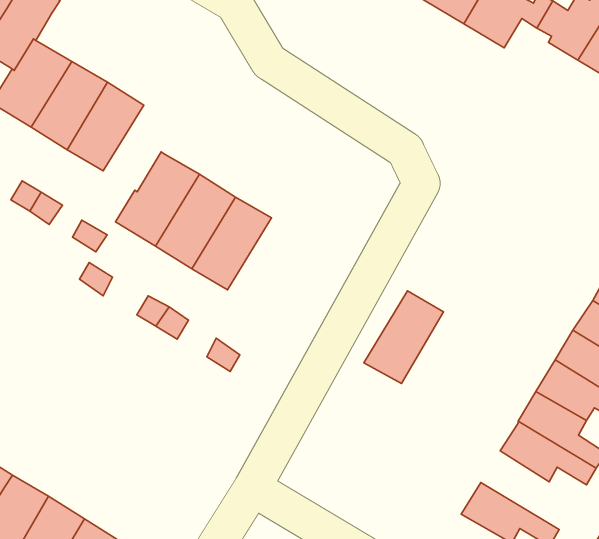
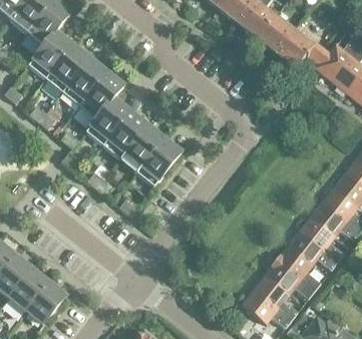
building: none -> [81,73,123,117]
building: [364,291,443,383] -> [137,139,182,187]
building: none -> [255,274,298,318]

